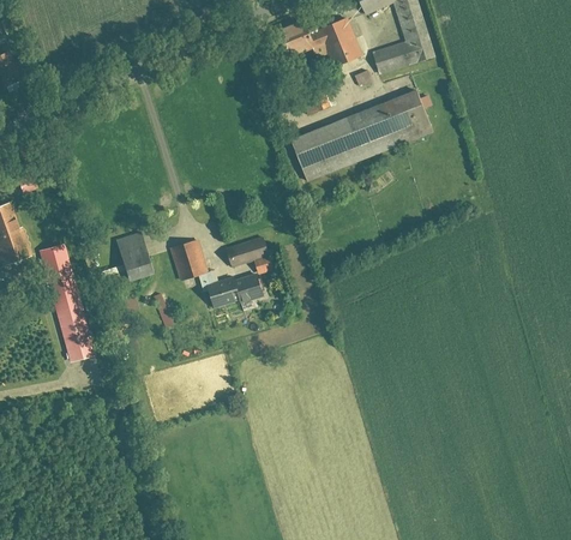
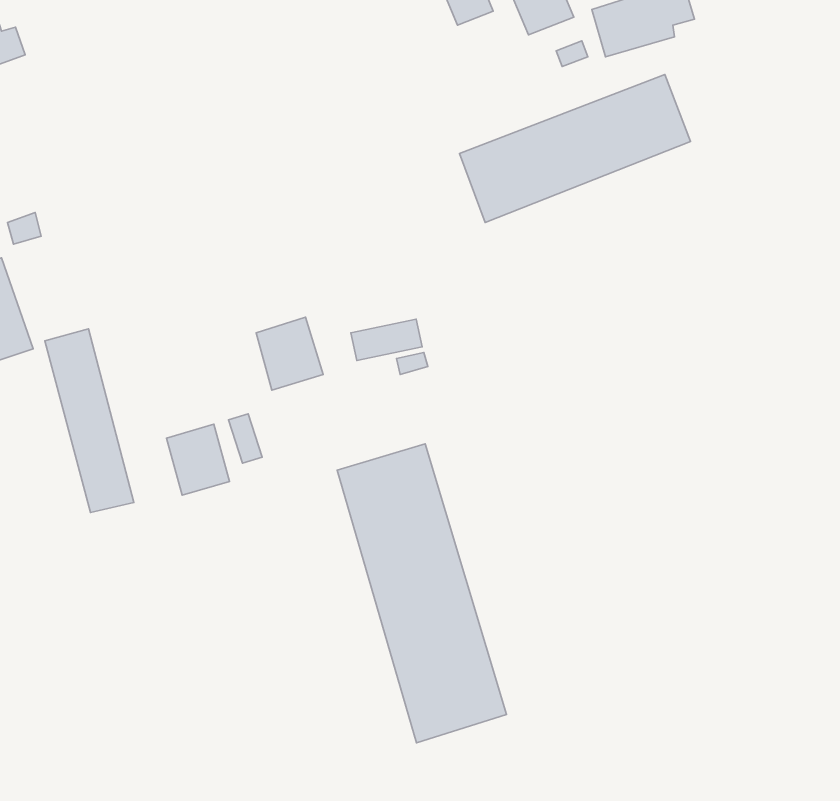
building: [114,230,152,274] -> [166,424,230,495]
building: [204,272,260,305] -> none
building: none -> [337,444,506,743]

